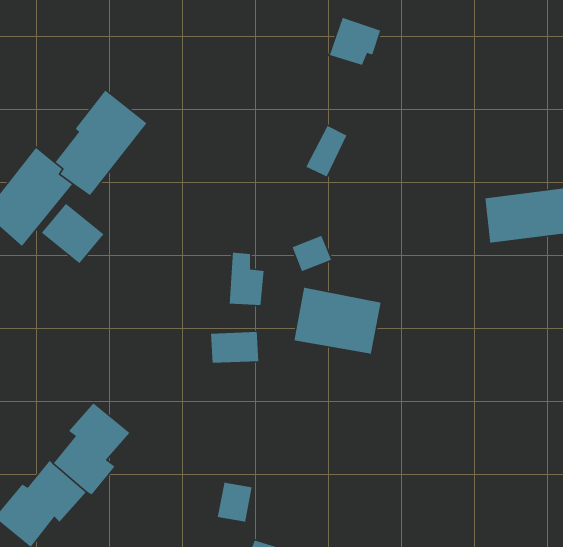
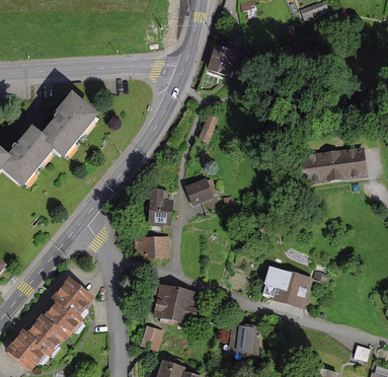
building: [41,203,105,264] -> none
building: [293,287,381,354] -> [154,287,207,327]
building: none -> [271,271,309,305]
building: none -> [230,324,258,352]

